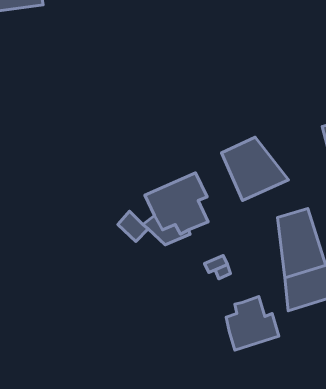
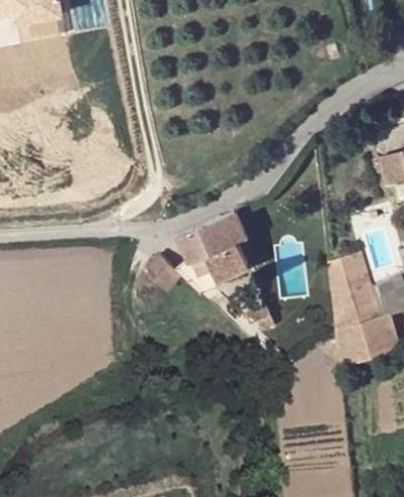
building: [221,137,289,201] -> none
building: [226,297,279,350] -> none

